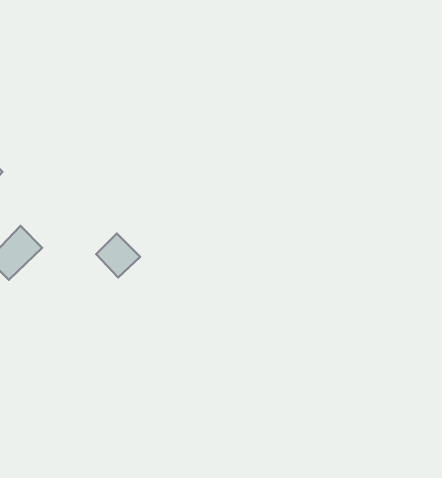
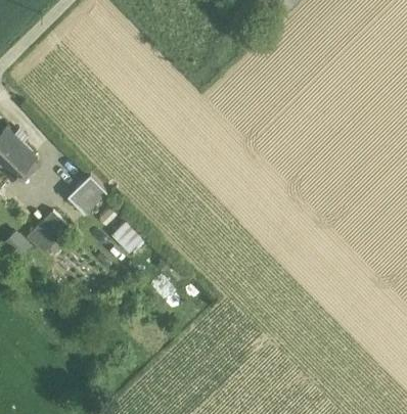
building: none -> [66,175,107,215]

